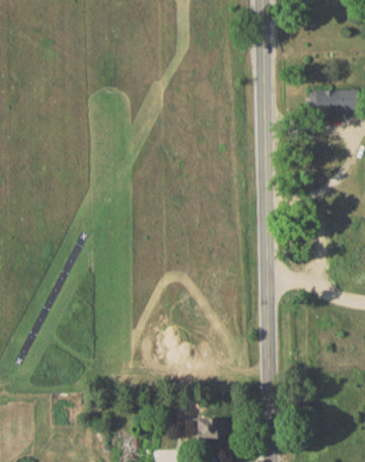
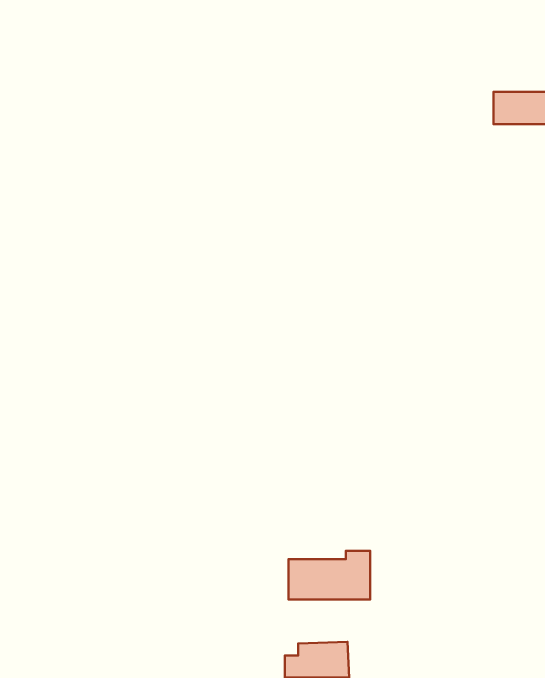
building: none -> [288,551,370,600]

